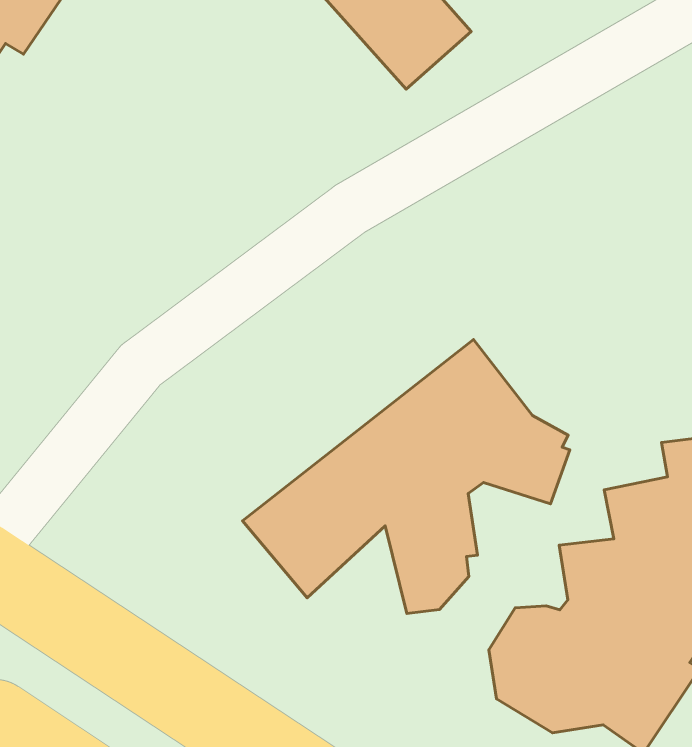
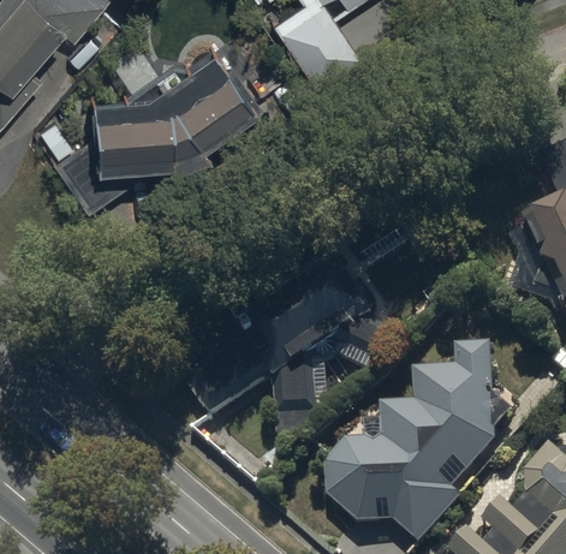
building: none -> [52,40,256,208]

